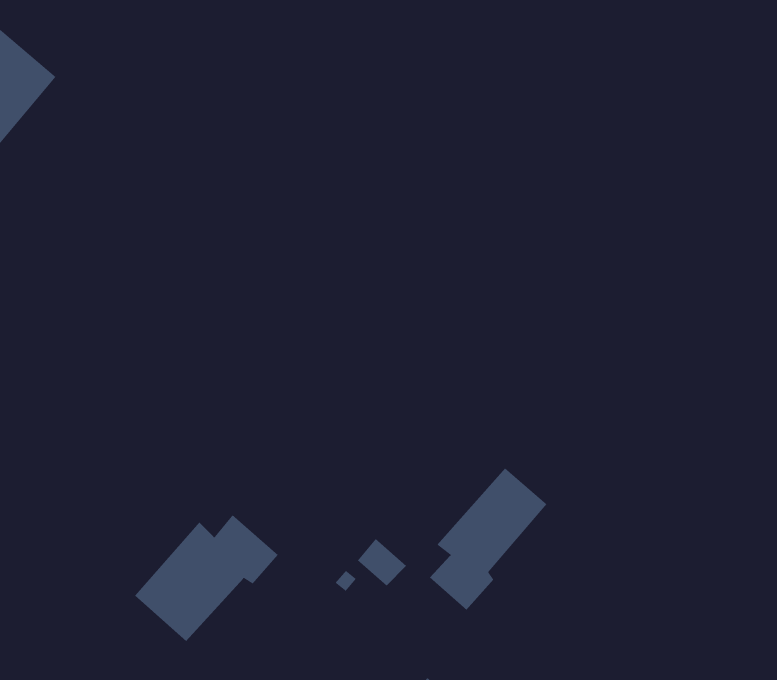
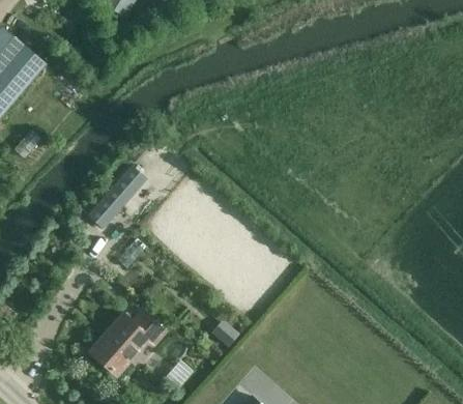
building: none -> [87,164,147,229]
building: [429,467,547,610] -> none

